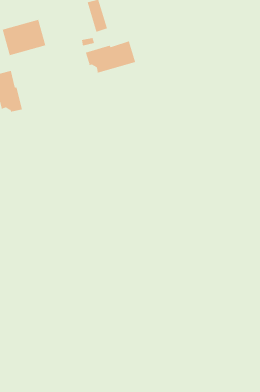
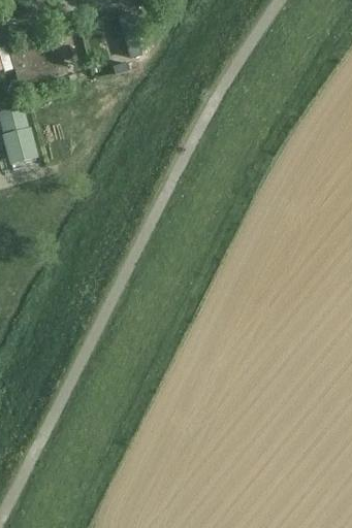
building: [85,41,136,74] -> none

